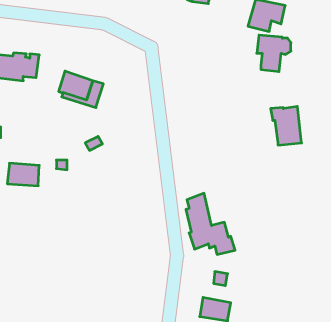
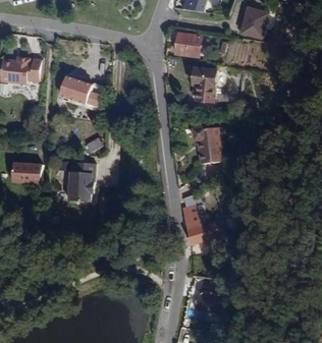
building: none -> [167,28,203,56]
building: [257,35,291,72] -> [192,67,224,102]
building: [271,106,302,145] -> [193,126,222,163]
building: none -> [68,162,95,202]

